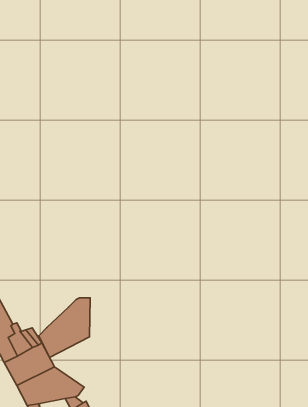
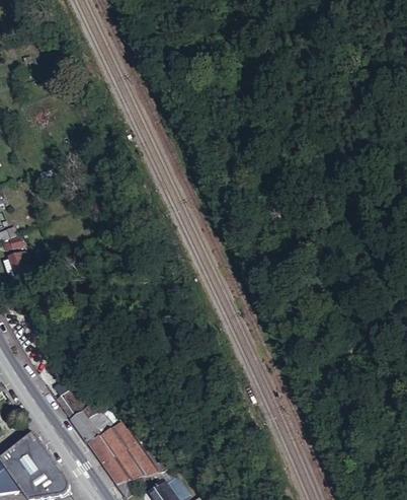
building: [39,298,90,358] -> none

